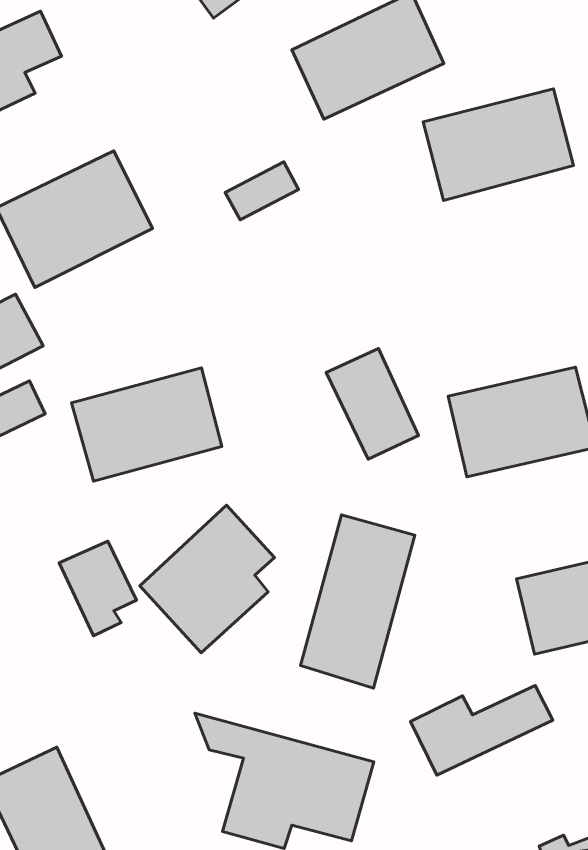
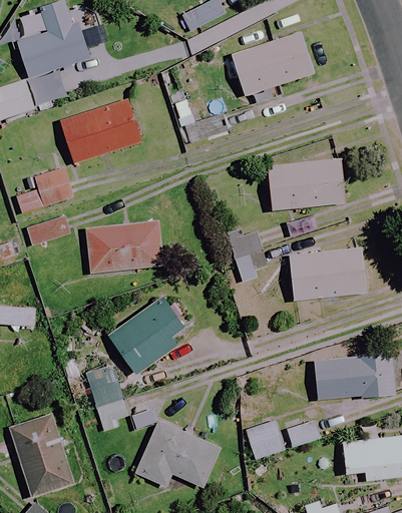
building: [423,89,574,200] -> [268,159,346,211]
building: [301,515,415,688] -> none
building: [59,541,136,636] -> [90,381,129,431]

